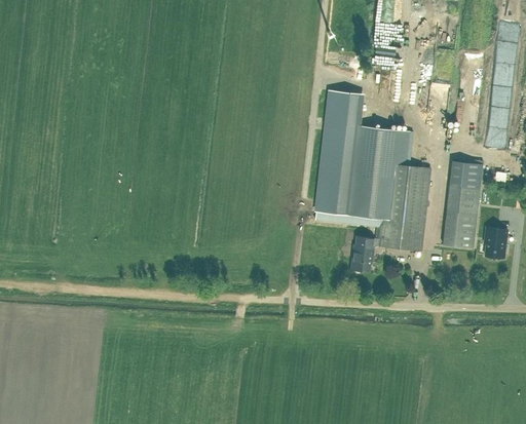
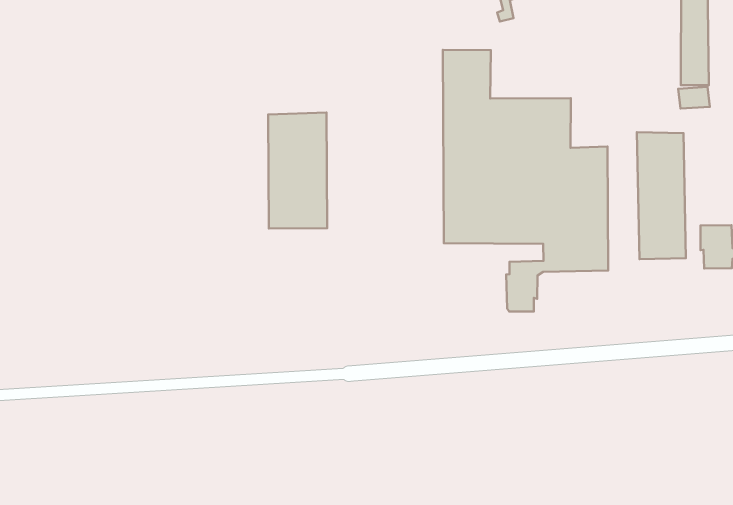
building: none -> [268,113,327,229]

